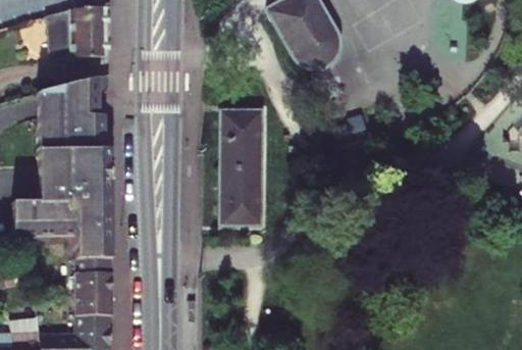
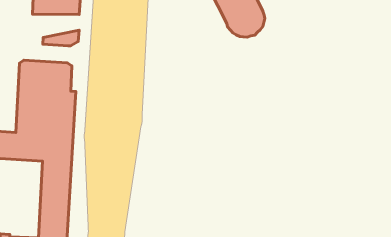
building: [38,84,97,117] -> none
building: [220,111,262,222] -> none

